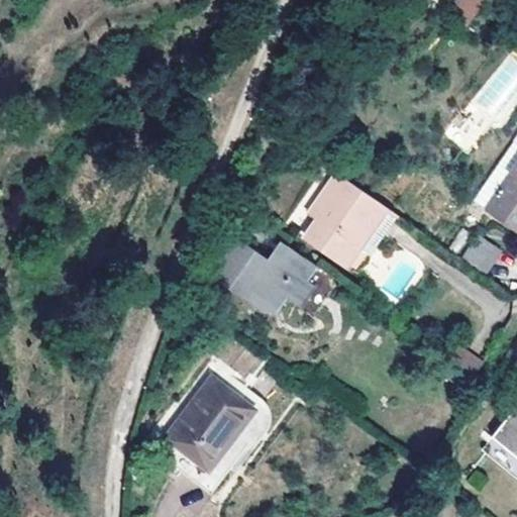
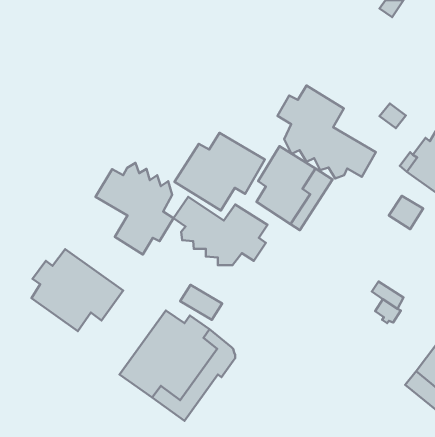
building: none -> [277,85,376,178]
building: none -> [175,133,265,211]
building: none -> [95,163,173,254]
building: none -> [32,249,123,331]

